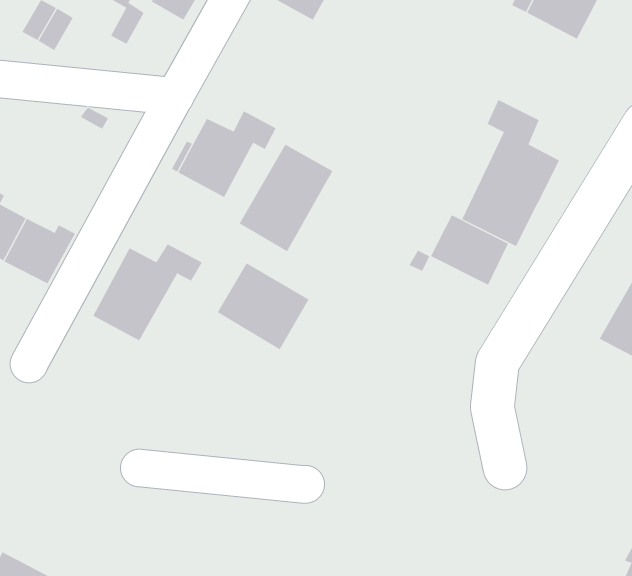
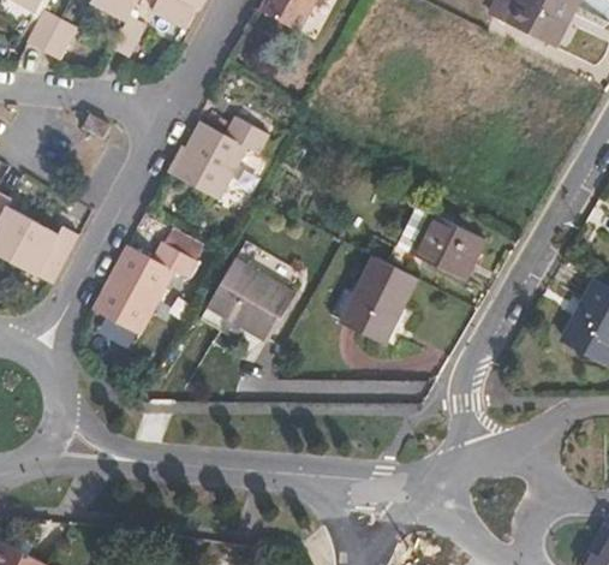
building: [461,99,560,247] -> none
building: [239,144,333,252] -> none
building: none -> [341,257,417,346]

